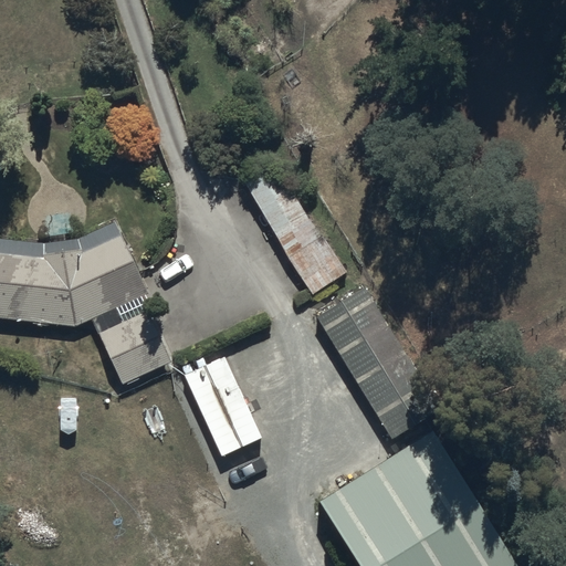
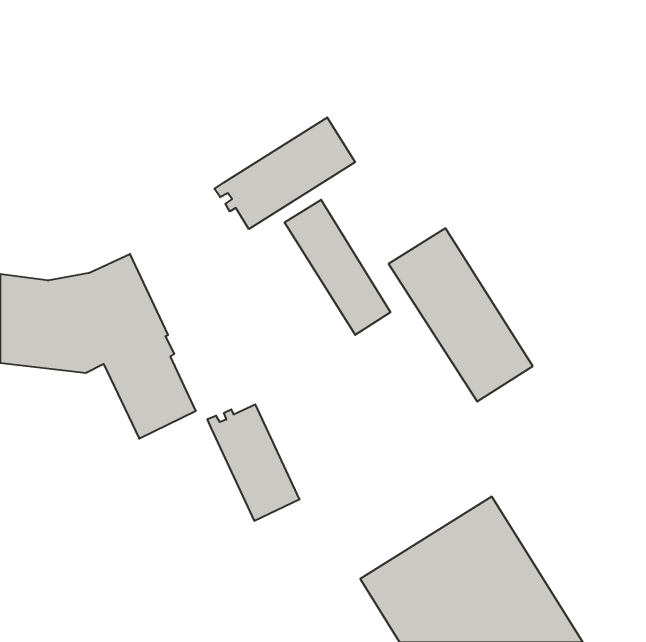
building: none -> [214,117,355,229]
building: [313,286,439,438] -> [389,228,533,401]

